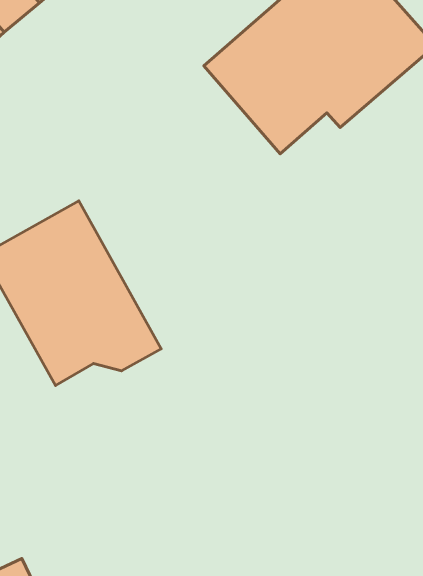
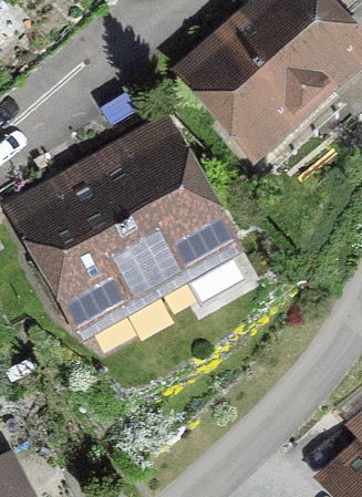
building: none -> [84,130,211,282]

